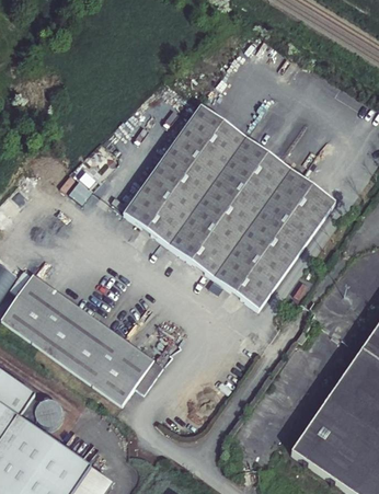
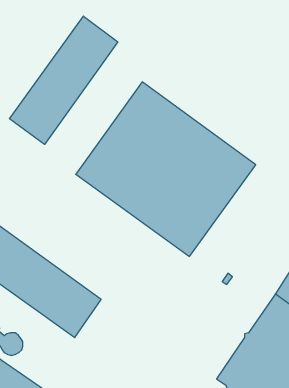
building: none -> [9,16,118,144]

